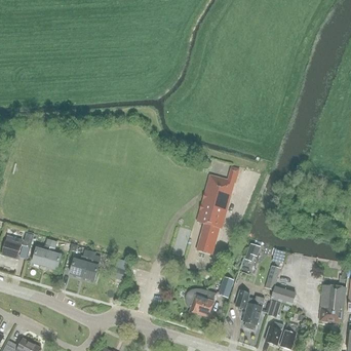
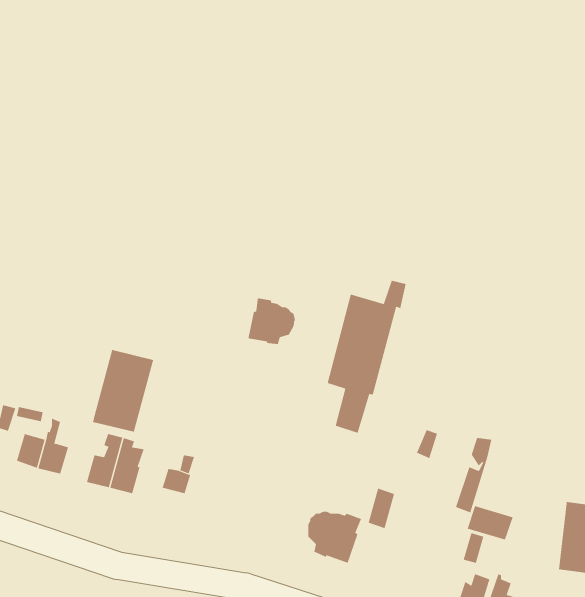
building: none -> [248,298,295,345]
building: none -> [92,349,154,433]
building: [234,289,264,329] -> none

